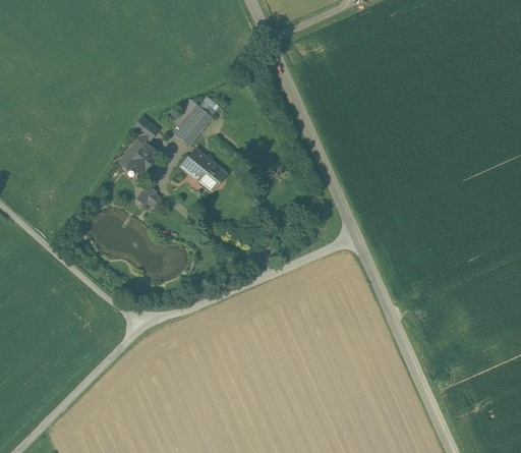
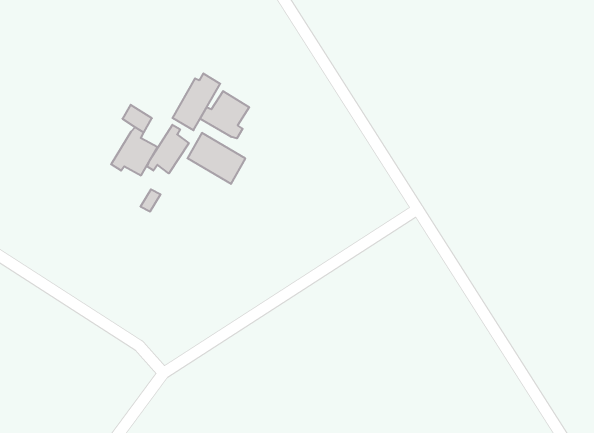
building: none -> [200,91,249,138]
building: none -> [147,125,189,173]

